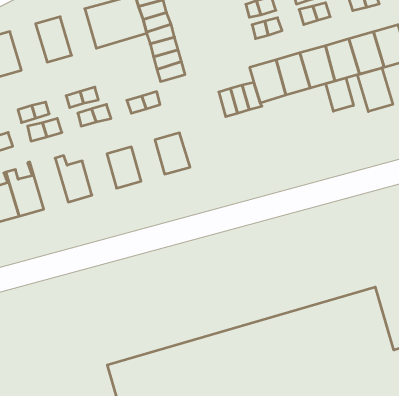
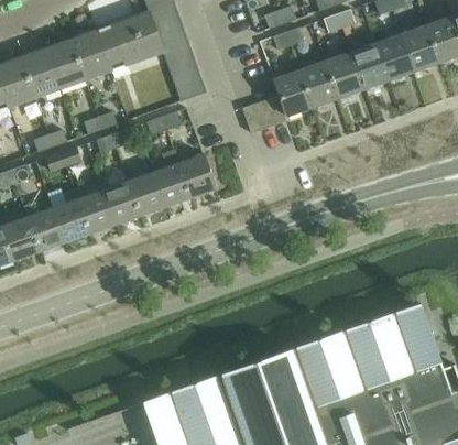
building: none -> [72,30,111,79]
building: none -> [20,48,61,98]
building: [357,68,393,112] -> none
building: [326,78,353,111] -> none
building: none -> [154,150,190,207]
building: none -> [103,181,141,225]
building: none -> [48,188,91,242]

